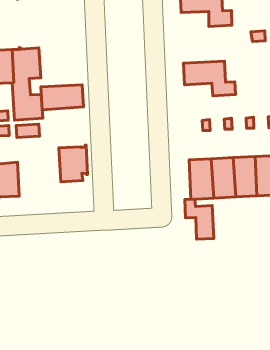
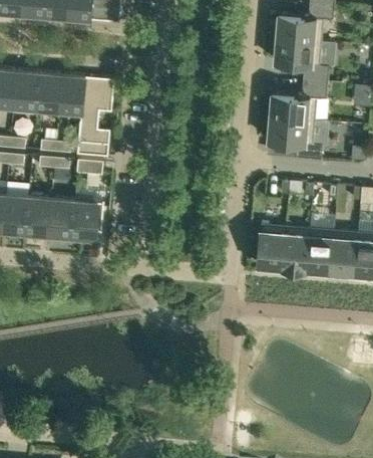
building: none -> [269,81,327,122]
building: [41,85,84,110] -> none
building: [59,145,87,182] -> [70,201,103,240]
building: [185,199,214,239] -> none

